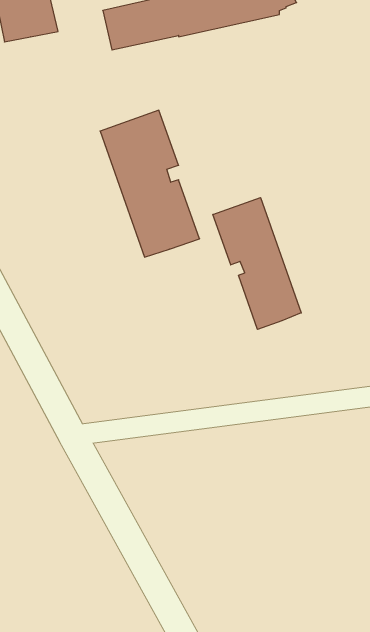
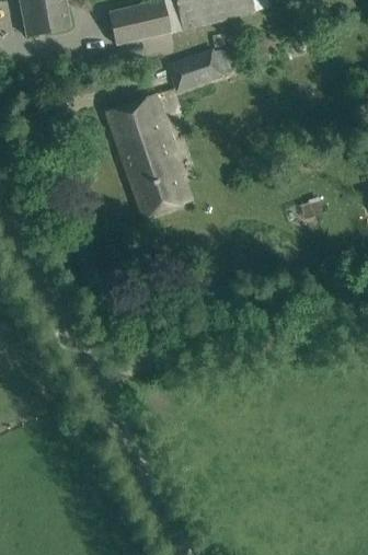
building: none -> [169,47,233,93]
building: [213,198,301,329] -> none

